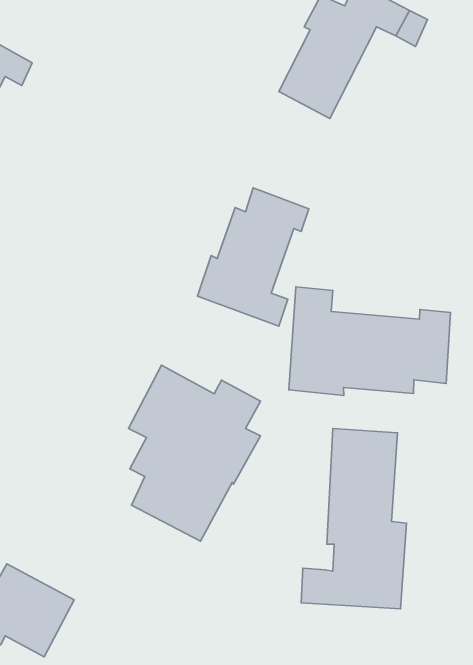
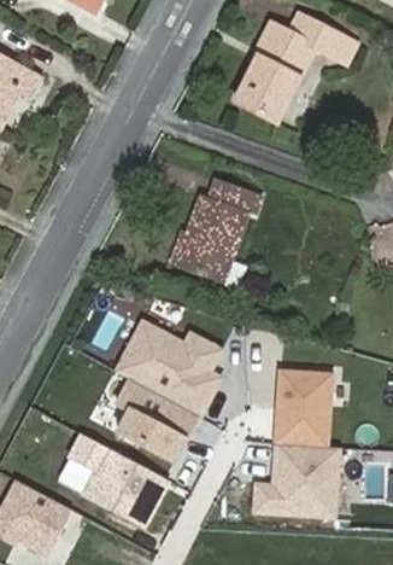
building: [289,287,451,395] -> none
building: none -> [70,433,169,526]

